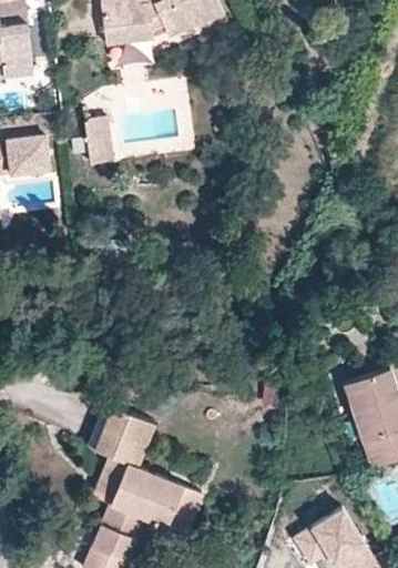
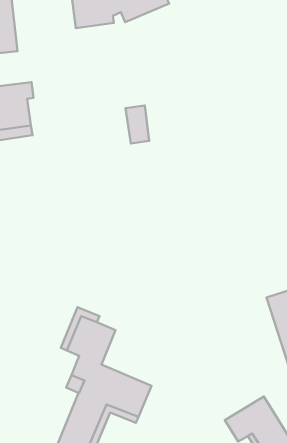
building: [83,118,113,165] -> [125,105,149,143]

